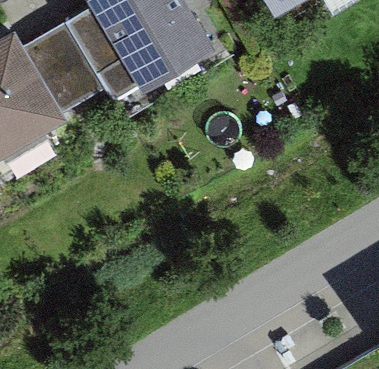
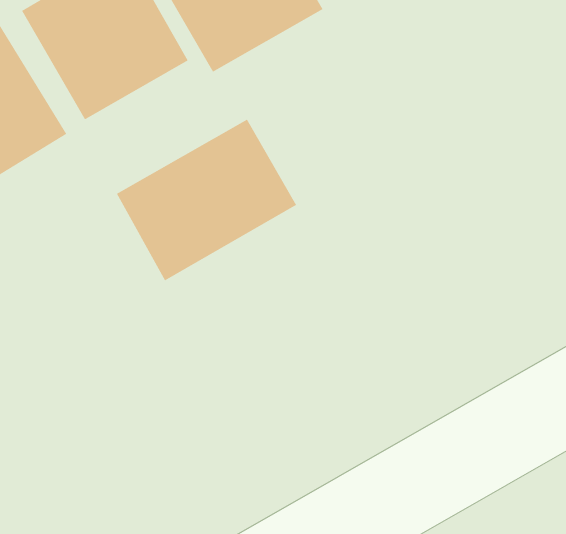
building: none -> [116,119,297,281]

